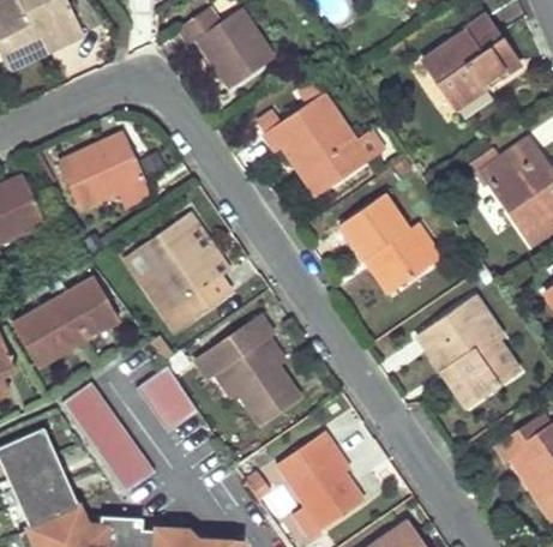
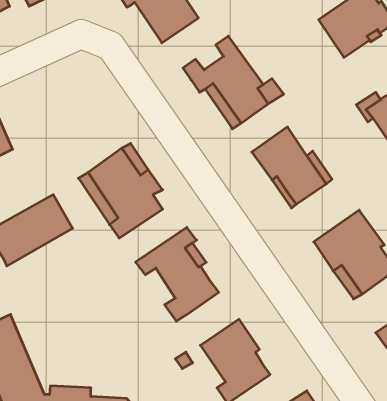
building: [59,132,144,208] -> none
building: [134,365,197,432] -> none
building: [62,383,154,492] -> none

